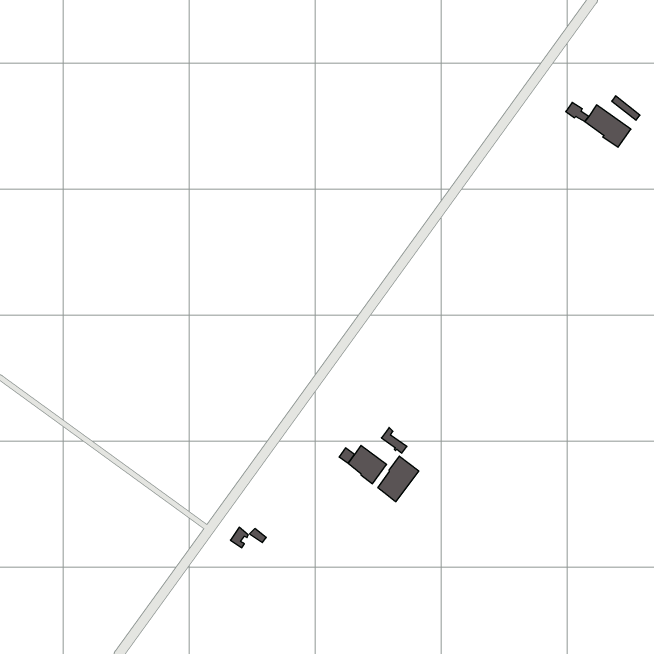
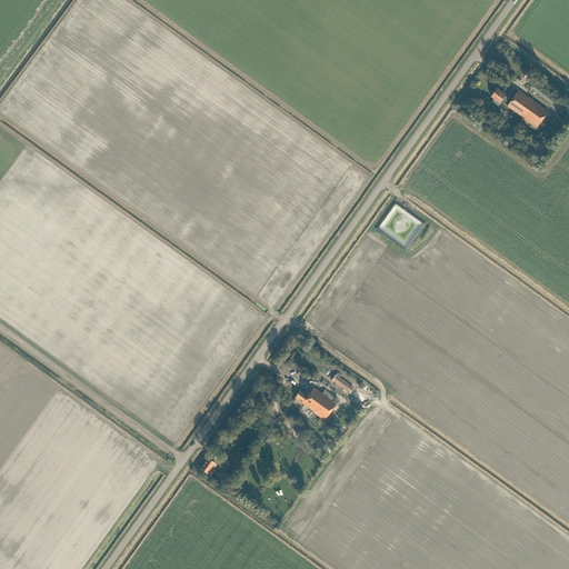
building: [378,456,419,502] -> none

